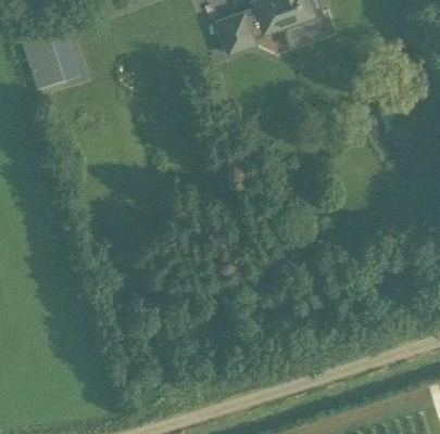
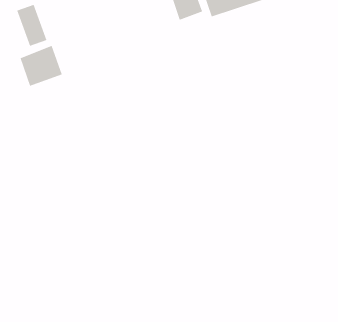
building: none -> [19,45,63,87]

